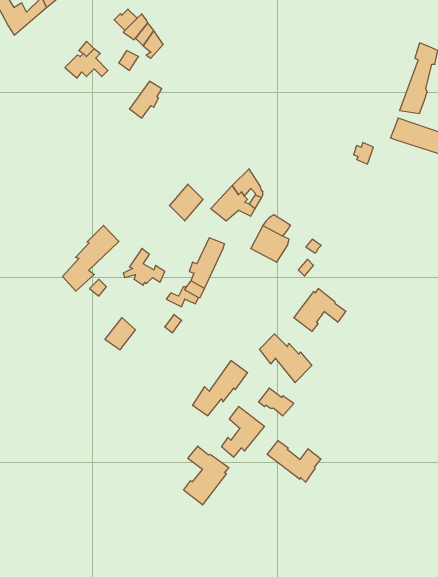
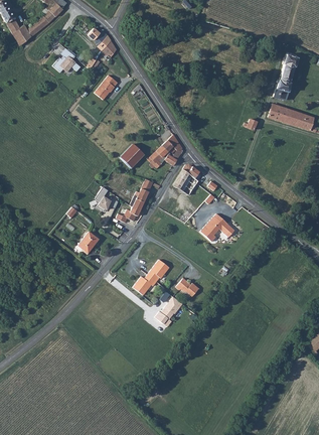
building: [63,225,119,291] -> none
building: [260,334,312,383] -> none
building: [267,441,321,482] -> none
building: [184,446,229,505] -> none

